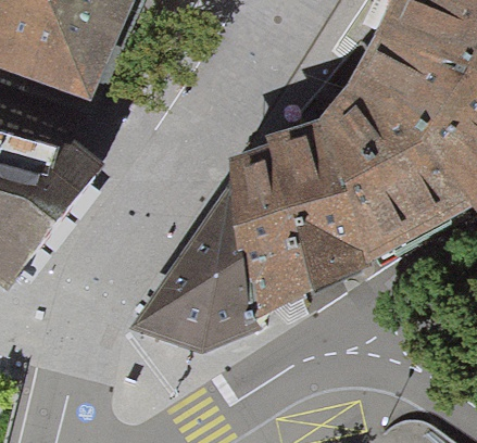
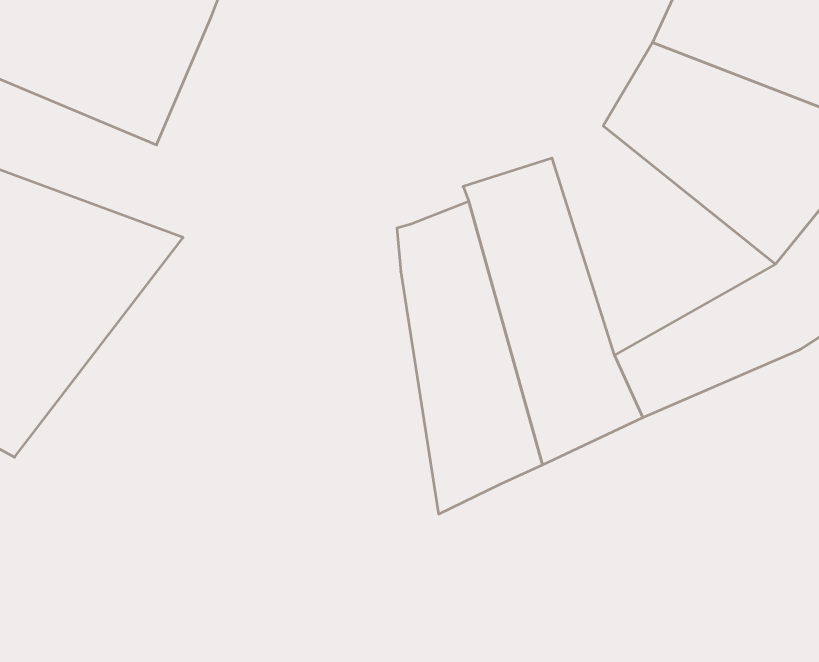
building: [318,97,447,228] -> none
building: [131,180,255,349] -> none

